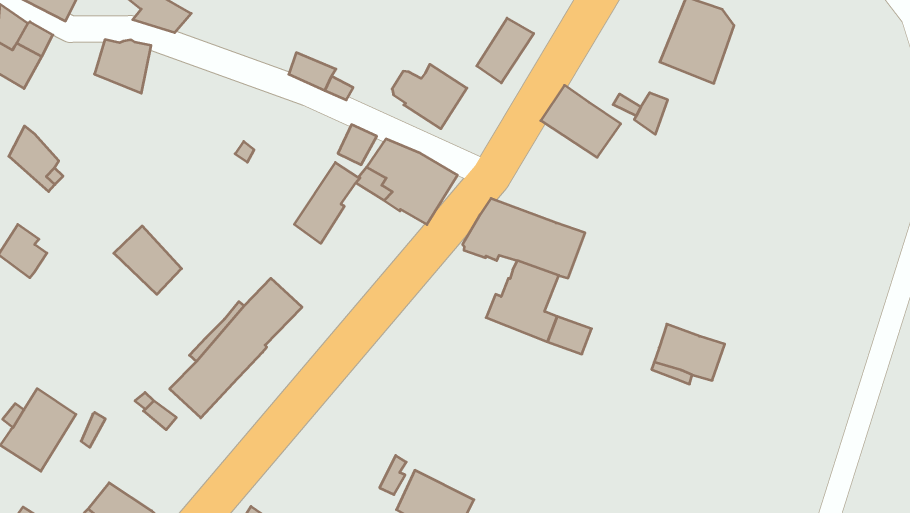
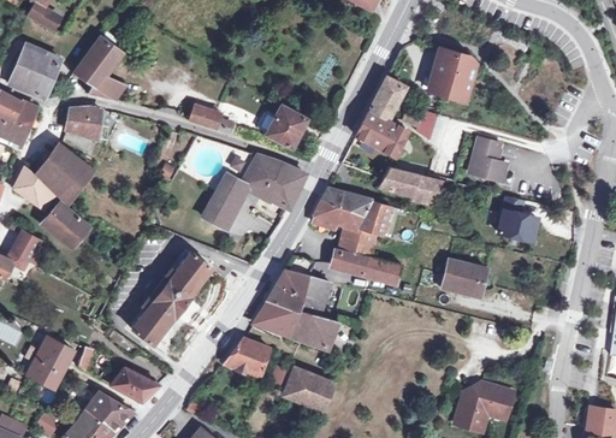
building: [477,18,534,83] -> [368,78,403,120]
building: none -> [37,146,91,200]
building: none -> [469,138,505,180]
building: none -> [378,167,440,200]
building: [114,226,182,294] -> [43,202,88,245]
building: none -> [497,196,537,241]
building: none -> [253,255,336,348]
building: none -> [223,336,268,375]
building: none -> [97,367,158,401]

